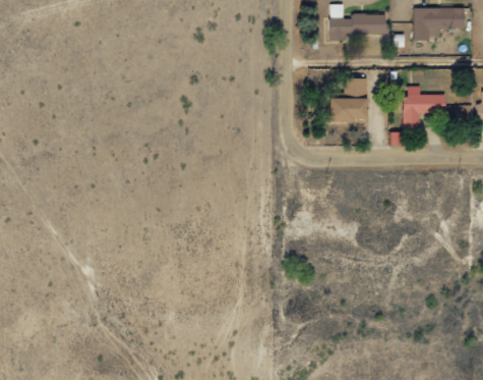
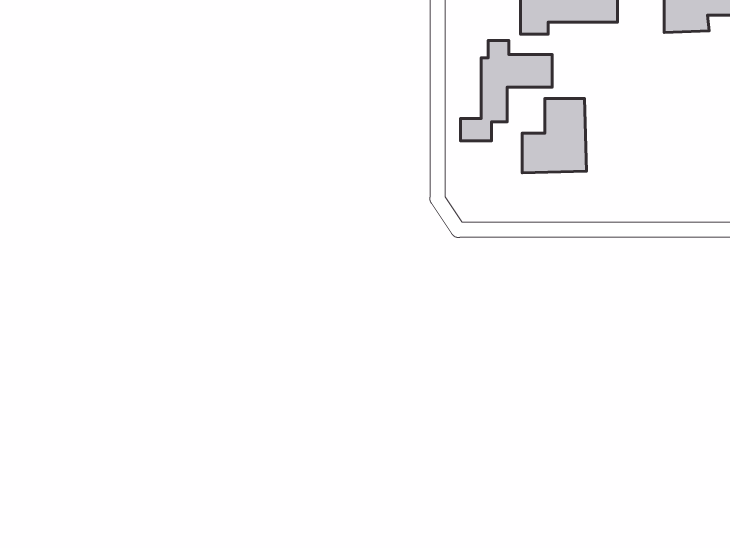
building: [391,87,445,146] -> [460,41,552,141]

